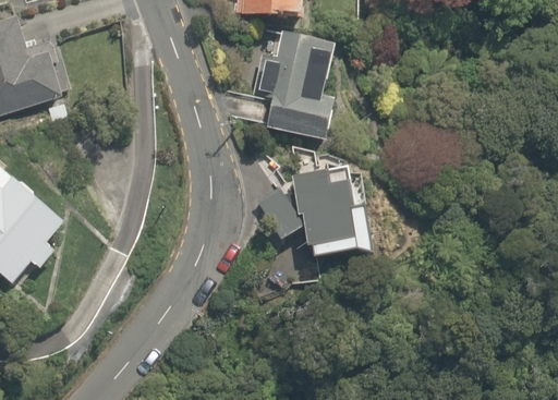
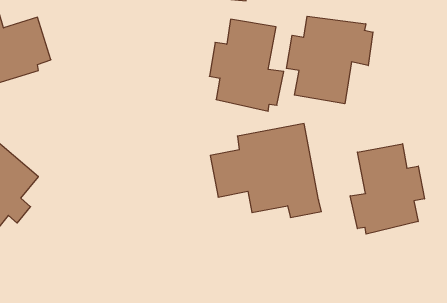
building: none -> [286,16,373,104]
building: none -> [350,144,424,234]

